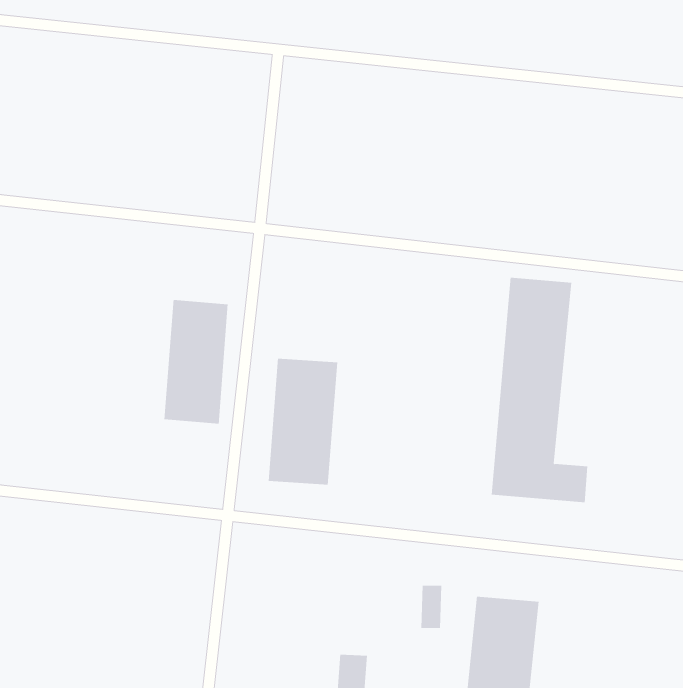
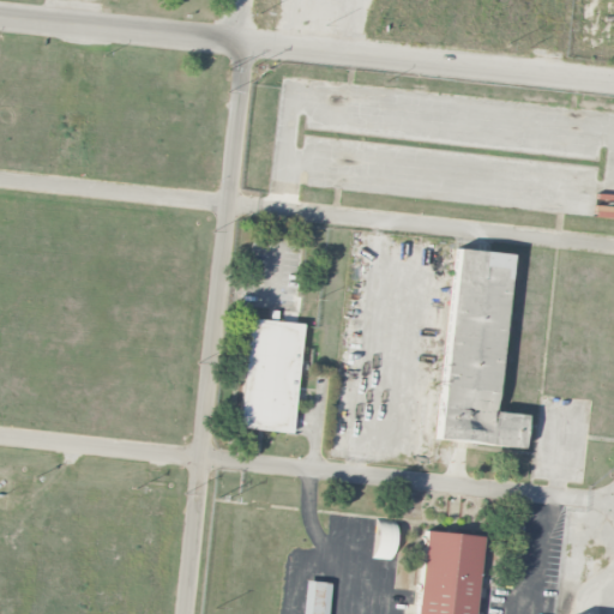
building: [164,299,228,425] -> none

